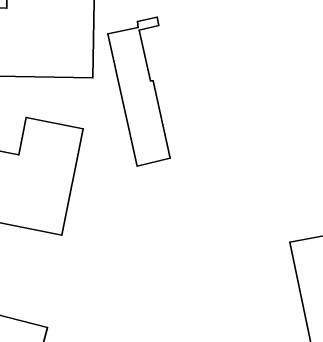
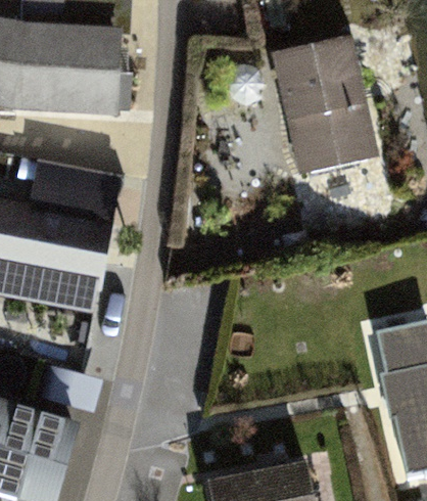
building: none -> [279,32,361,163]
building: [108,17,170,166] -> none

